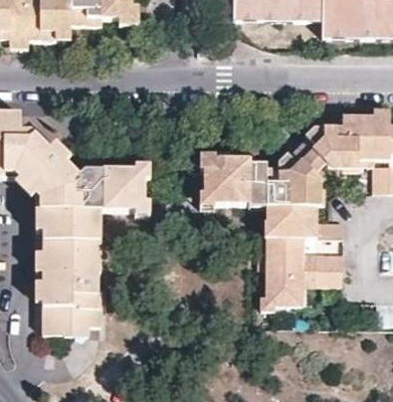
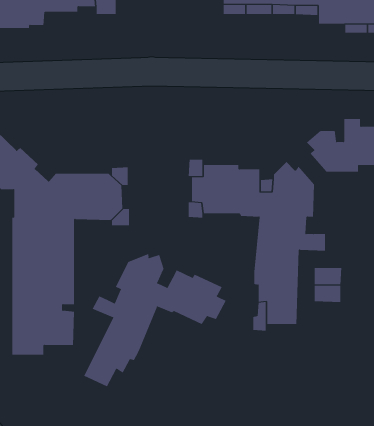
building: none -> [83,253,227,387]

